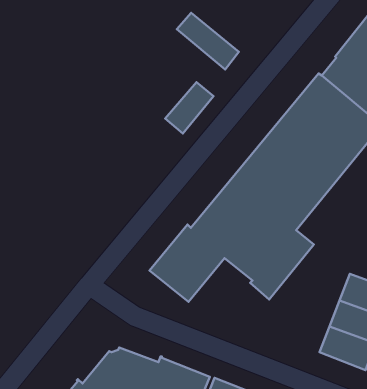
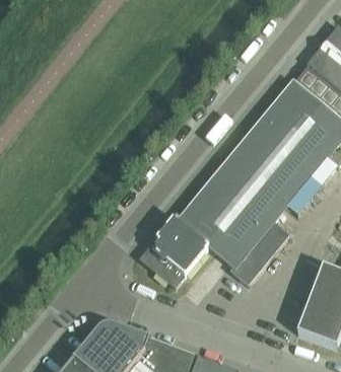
building: [177,13,239,69] -> none
building: [165,82,214,133] -> none

